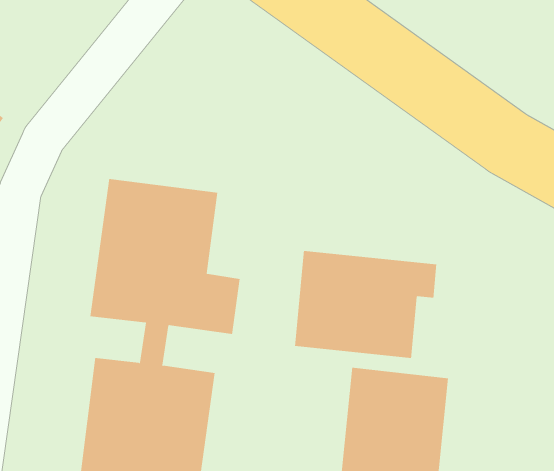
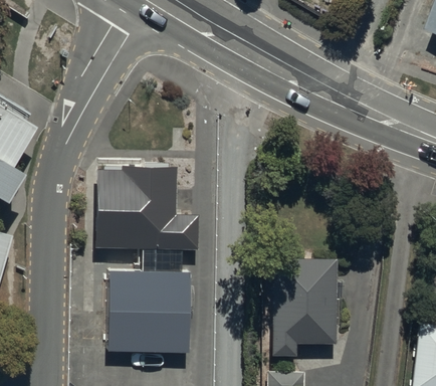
building: [295,250,437,359] -> none

